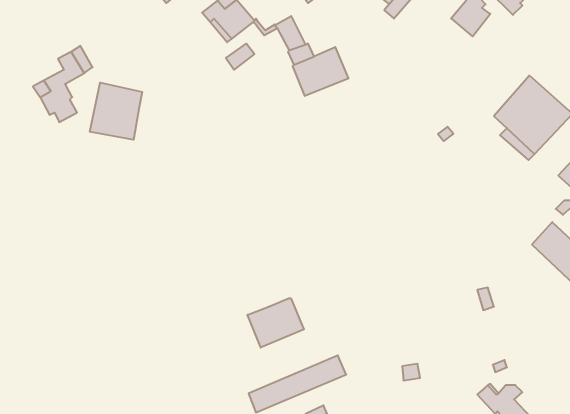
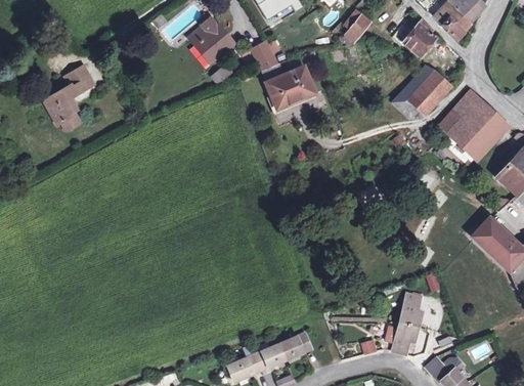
building: none -> [391,66,451,119]
building: [90,83,142,140] -> none
building: [247,298,304,348] -> none
building: none -> [386,293,423,354]

